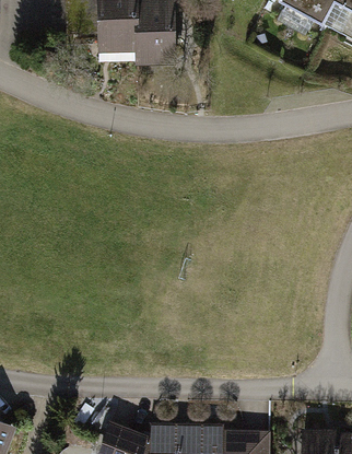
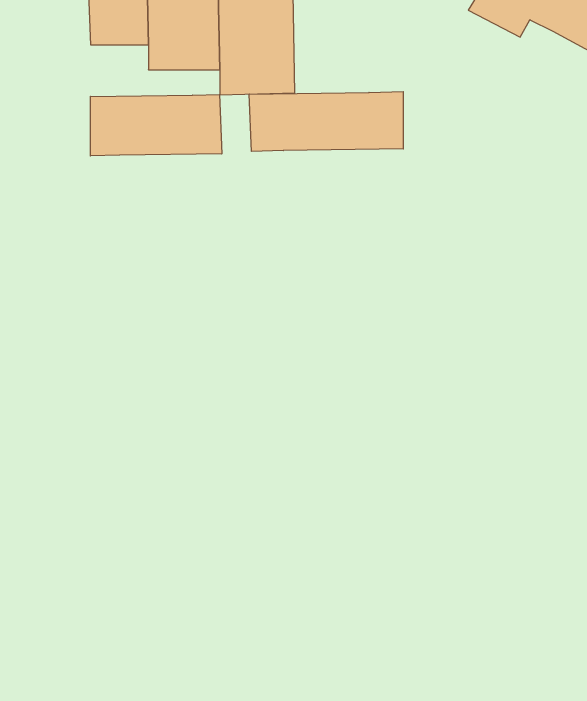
building: none -> [249,92,403,151]
building: none -> [90,94,222,156]

